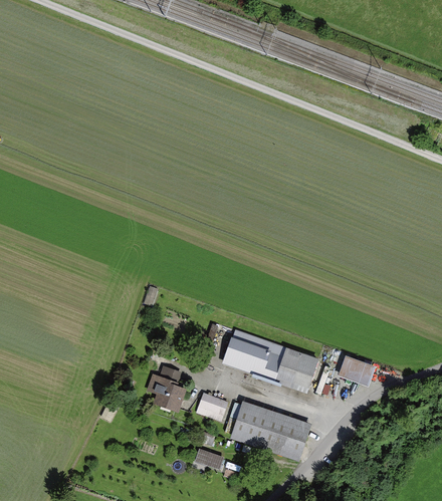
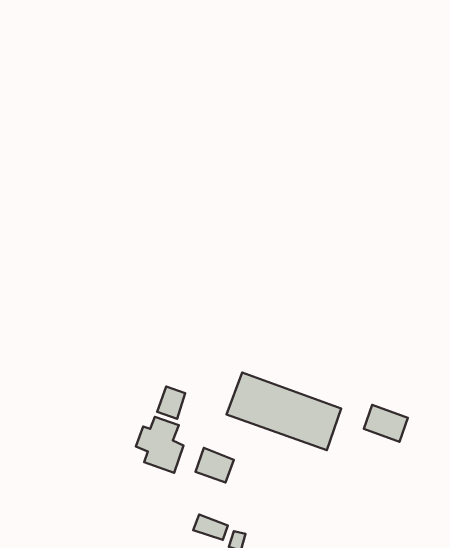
building: none -> [157,387,185,419]
building: [229,401,311,462] -> none

